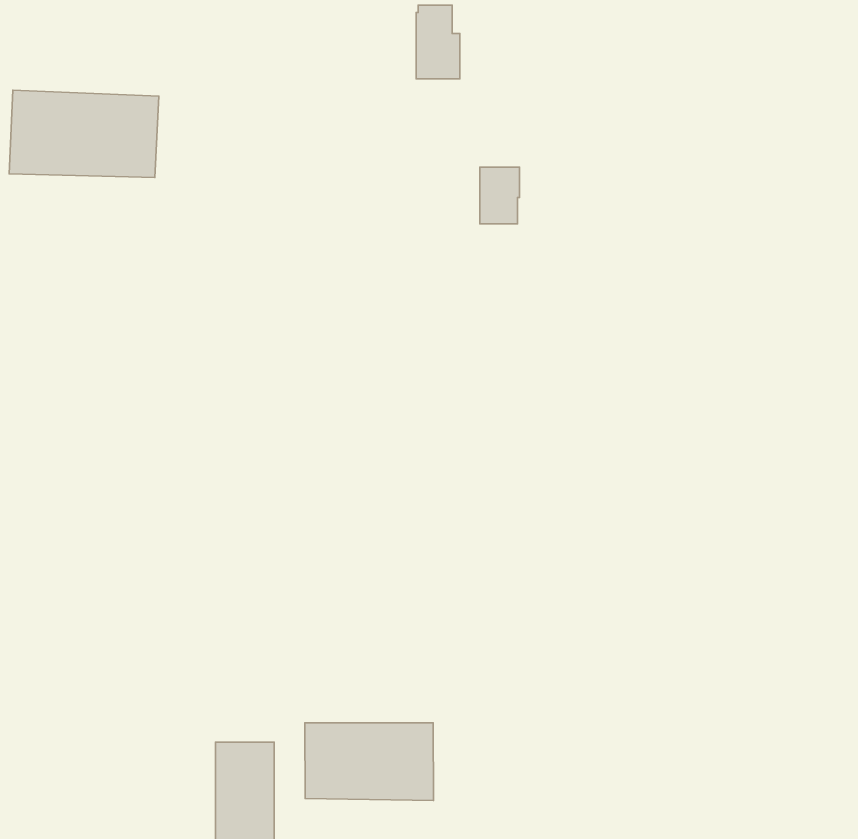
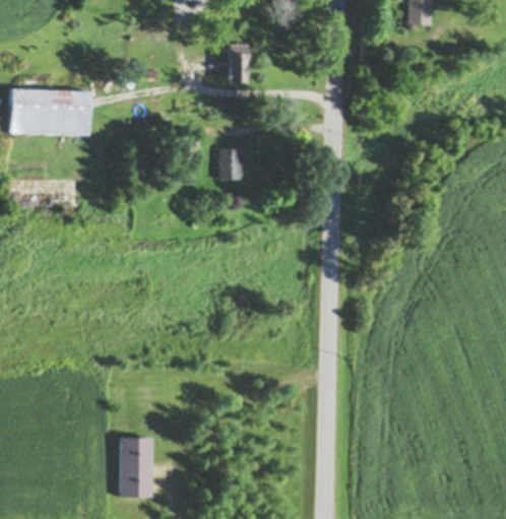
building: [480,167,519,224] -> [222,148,243,179]
building: [305,723,433,800] -> none

